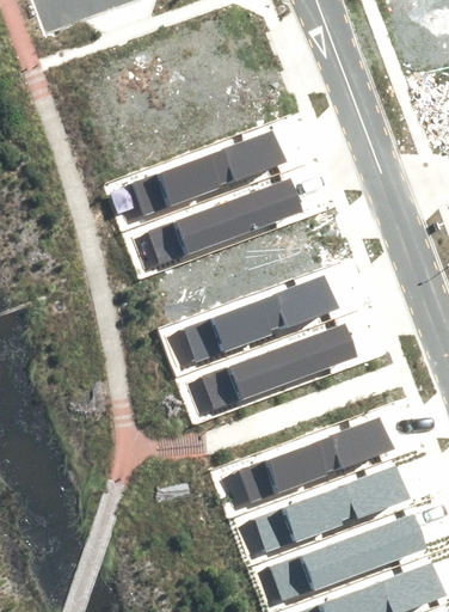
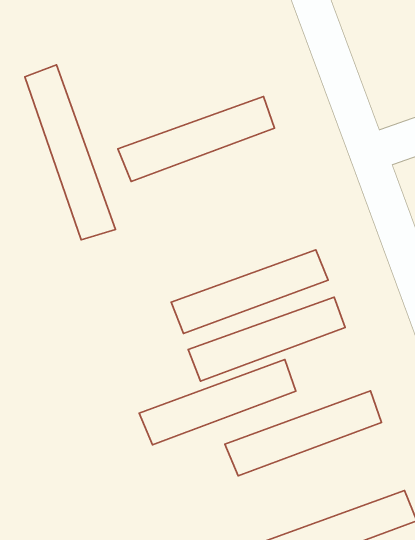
building: none -> [25,65,115,240]
building: [146,178,300,261] -> none
building: [253,466,407,550] -> [139,360,296,445]

